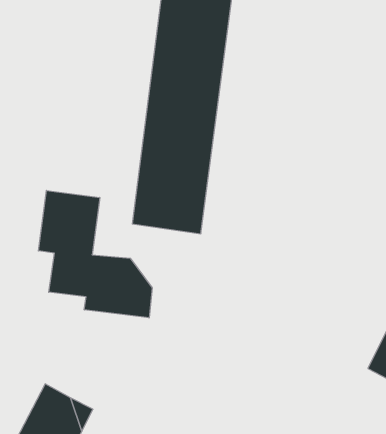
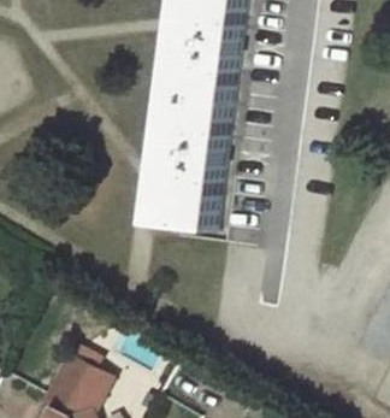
building: [38,190,152,318] -> none

